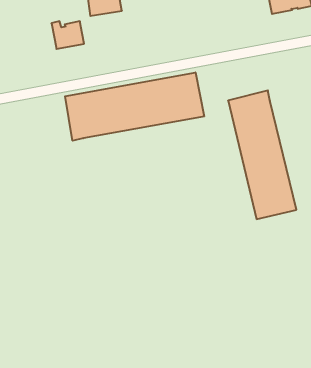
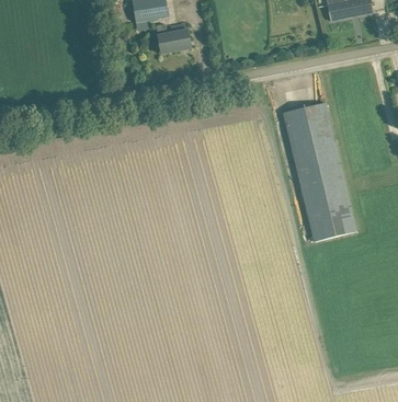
building: [51,21,84,49] -> [156,24,191,54]
building: [65,72,204,141] -> none

